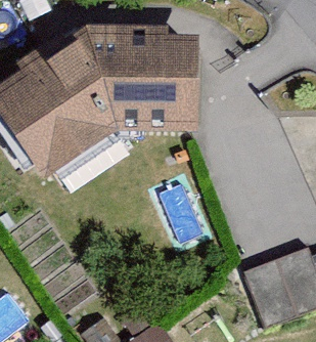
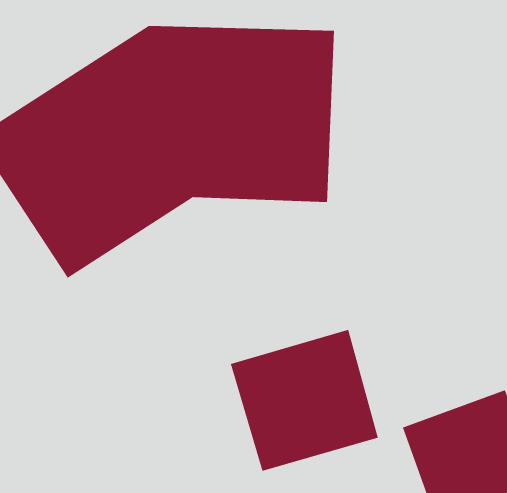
building: none -> [230,329,379,472]

